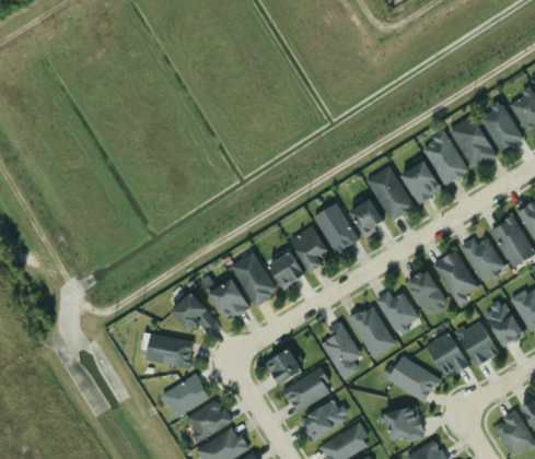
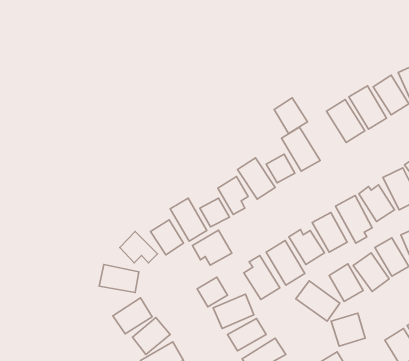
building: [400,161,441,204] -> [274,98,307,134]
building: none -> [192,230,232,265]
building: [382,404,423,445] -> [331,313,365,346]

